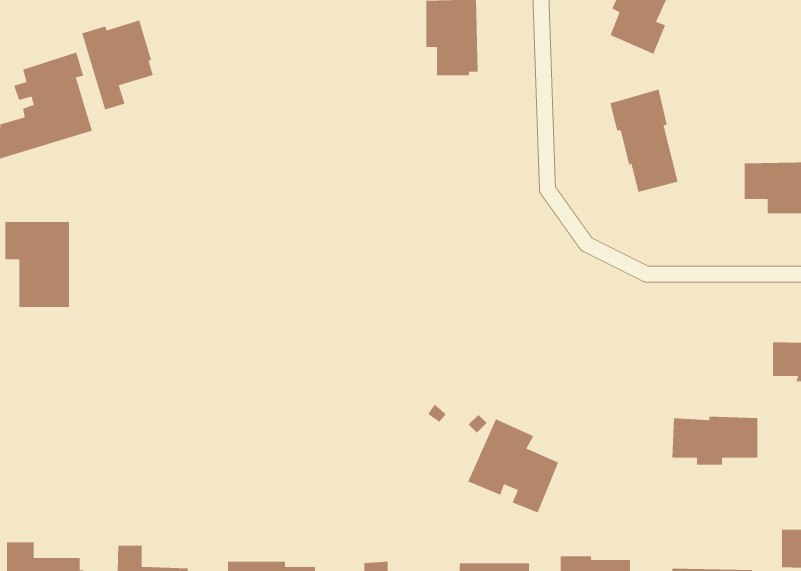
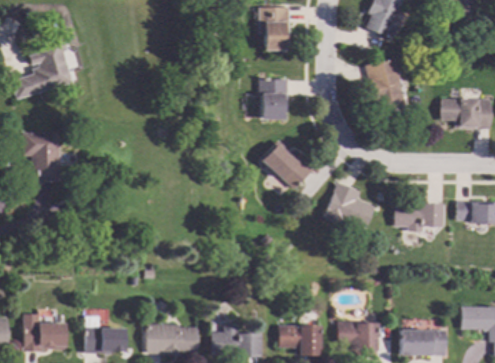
building: [81,20,154,110] -> none
building: none -> [262,79,289,119]
building: none -> [264,143,314,189]
building: [671,416,758,465] -> [393,202,442,230]
building: [467,418,559,514] -> [322,181,374,235]

